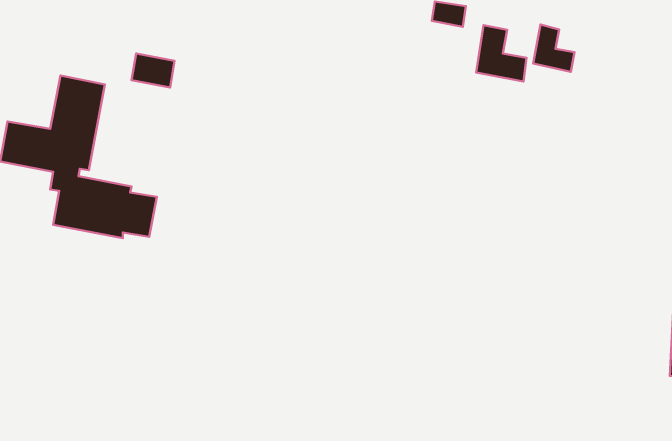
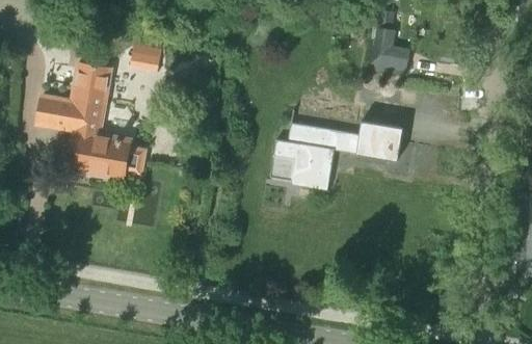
building: [533,25,575,72] -> none
building: none -> [274,122,403,189]

